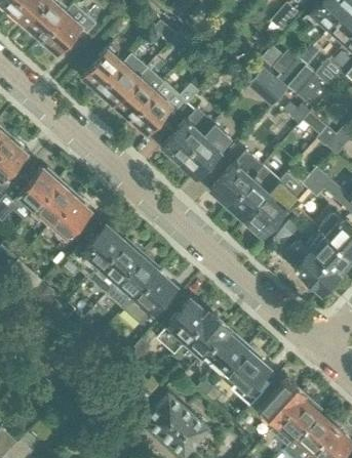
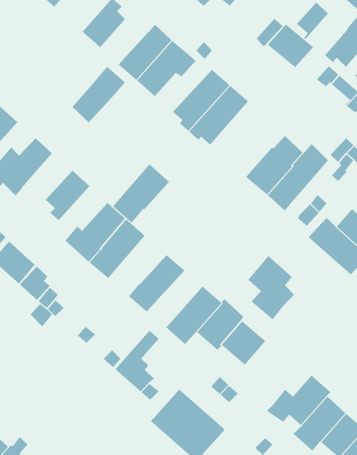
building: [101,53,149,103] -> [71,66,126,123]
building: [282,58,319,95] -> none
building: [212,151,264,203] -> none
building: [32,182,76,223] -> none
building: [108,255,159,308] -> [112,163,170,224]
building: [229,348,271,406] -> [247,255,295,320]

